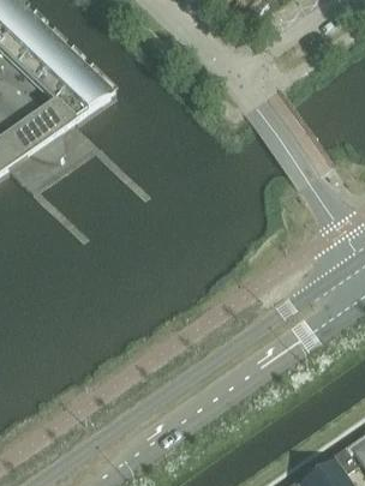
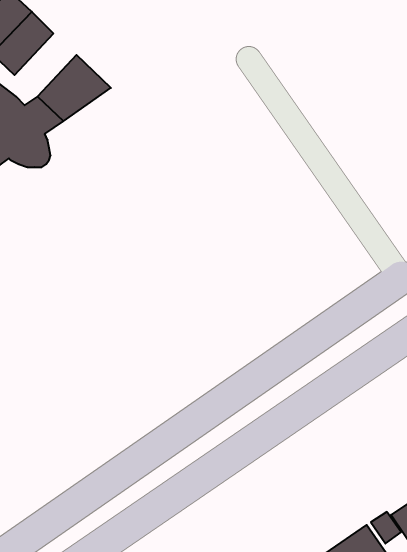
building: [35,46,86,98] -> none

